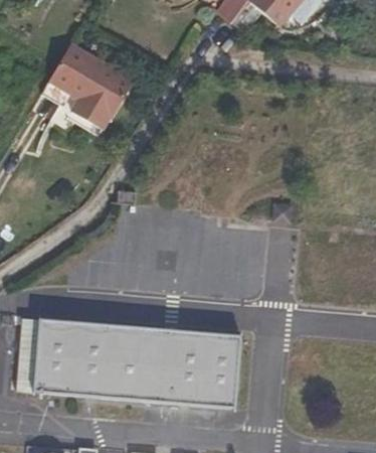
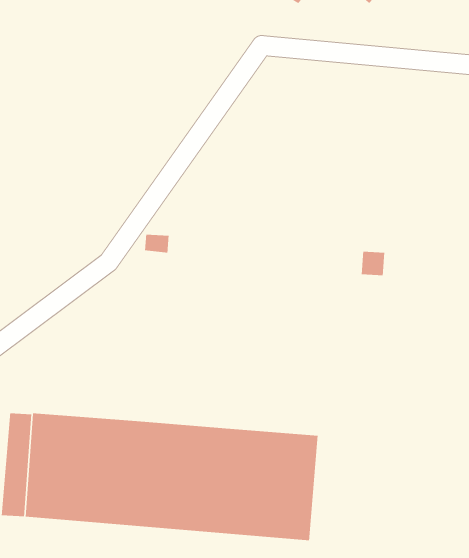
building: [45,49,131,136] -> none

